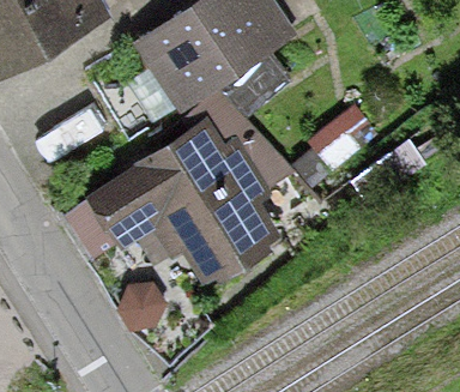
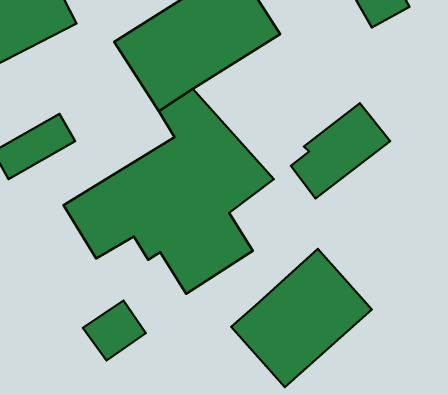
building: none -> [231,249,372,387]

